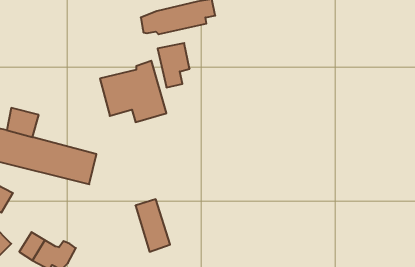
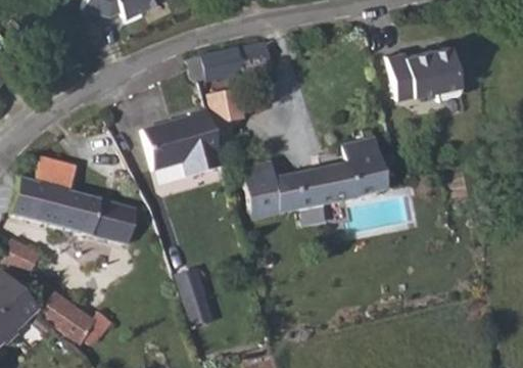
building: none -> [392,46,462,97]
building: none -> [245,136,386,217]

